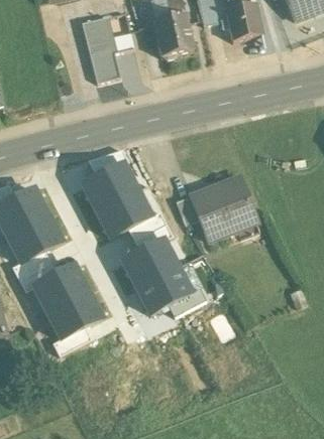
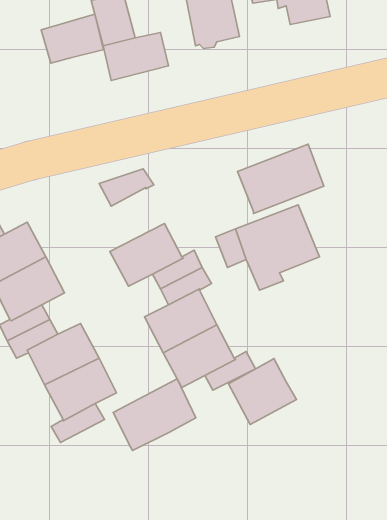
building: none -> [41,14,104,63]
building: none -> [238,144,324,214]
building: [83,162,138,210] -> none
building: none -> [229,358,296,425]
building: none -> [113,379,196,450]

